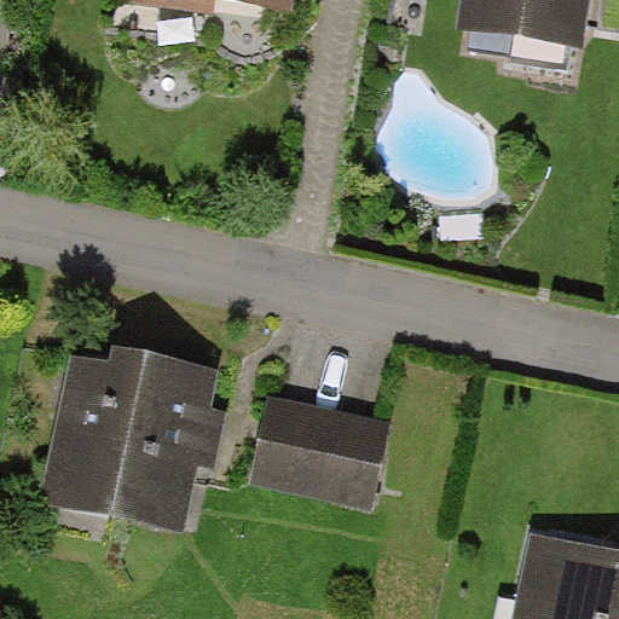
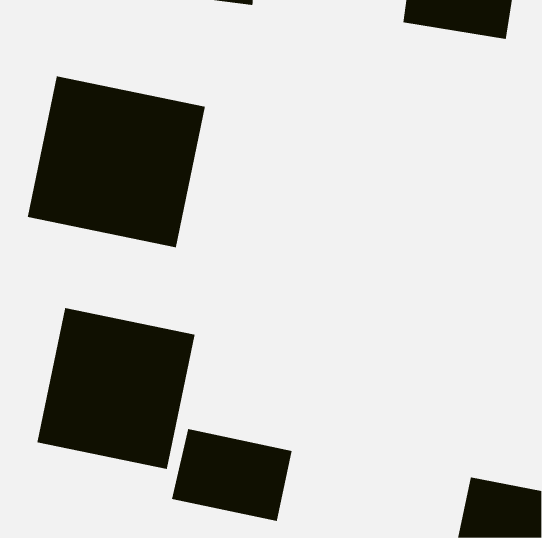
building: none -> [27,75,206,248]
building: [253,400,389,505] -> [171,428,293,522]

